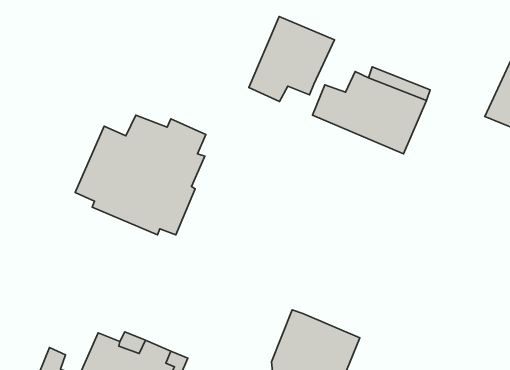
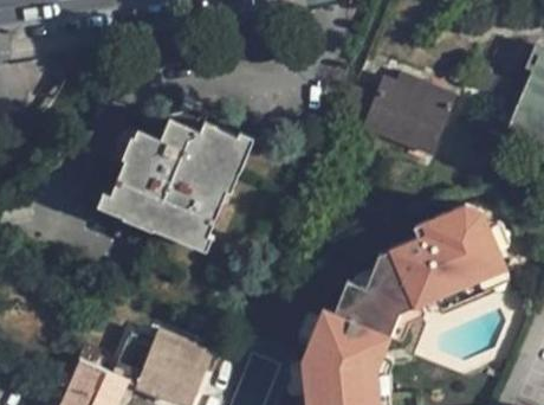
building: [249,16,335,101] -> none
building: none -> [331,200,513,339]

